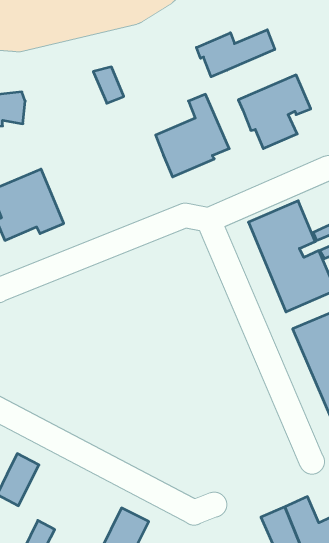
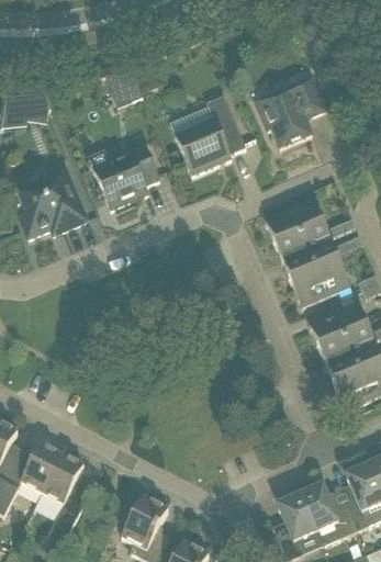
building: [196,30,275,77] -> none
building: none -> [92,145,159,207]
building: none -> [42,452,83,503]

